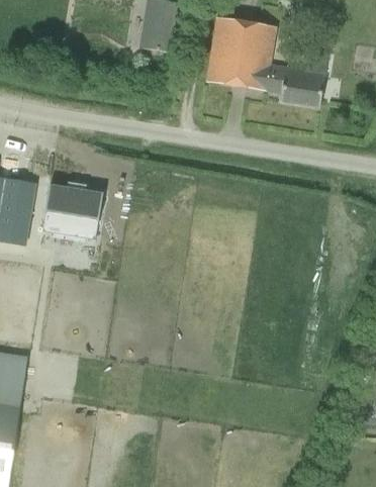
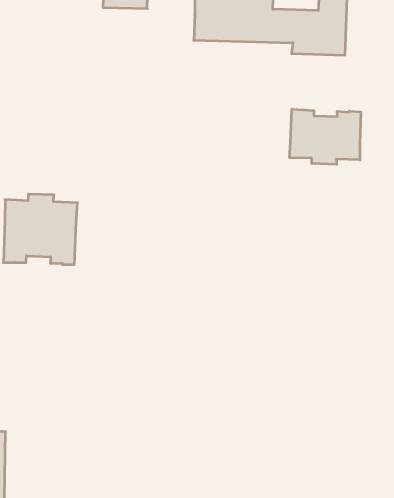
building: none -> [290,109,361,164]

